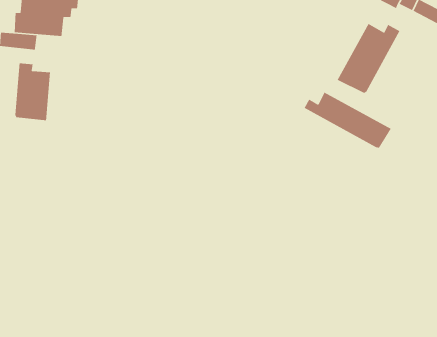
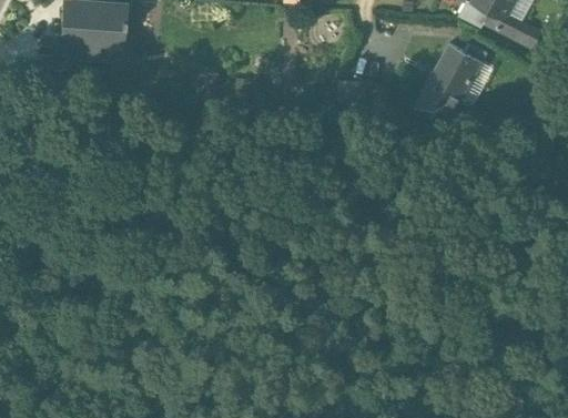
building: [14,63,51,121] -> none
building: [303,92,392,148] -> none

